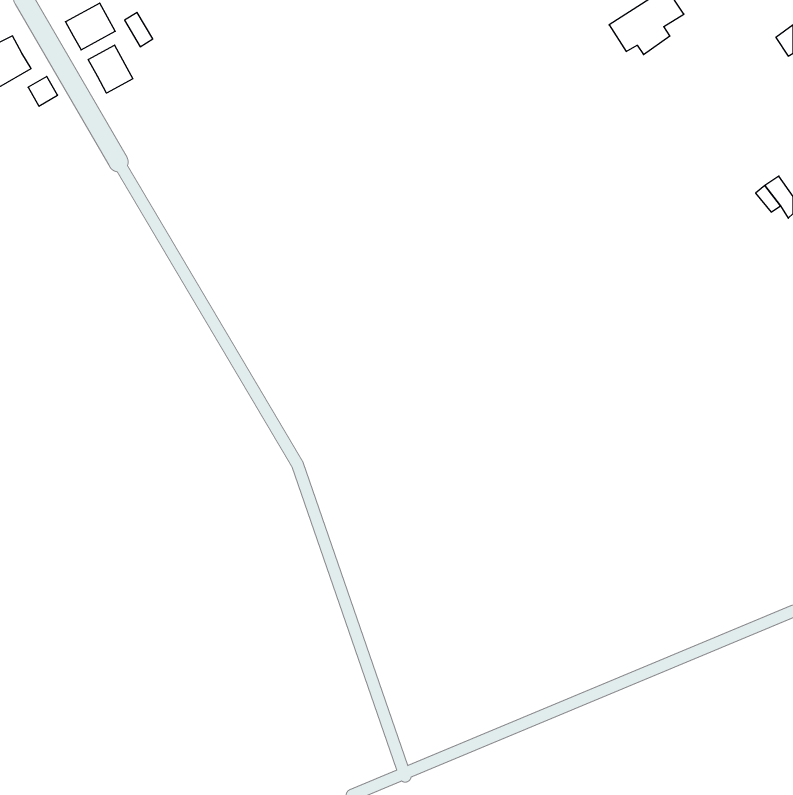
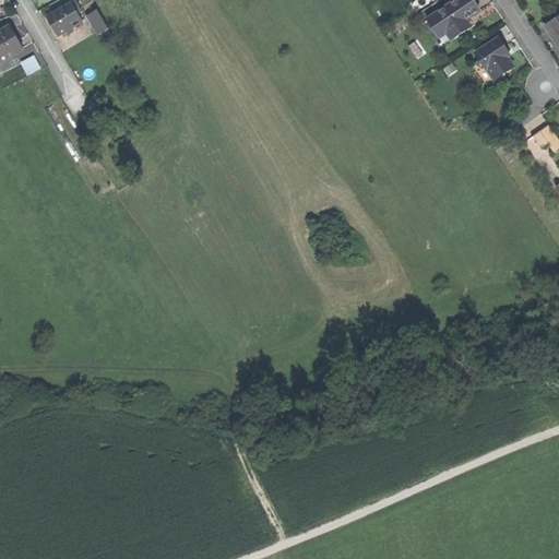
building: [88,45,133,93] -> none
building: none -> [473,36,514,81]

